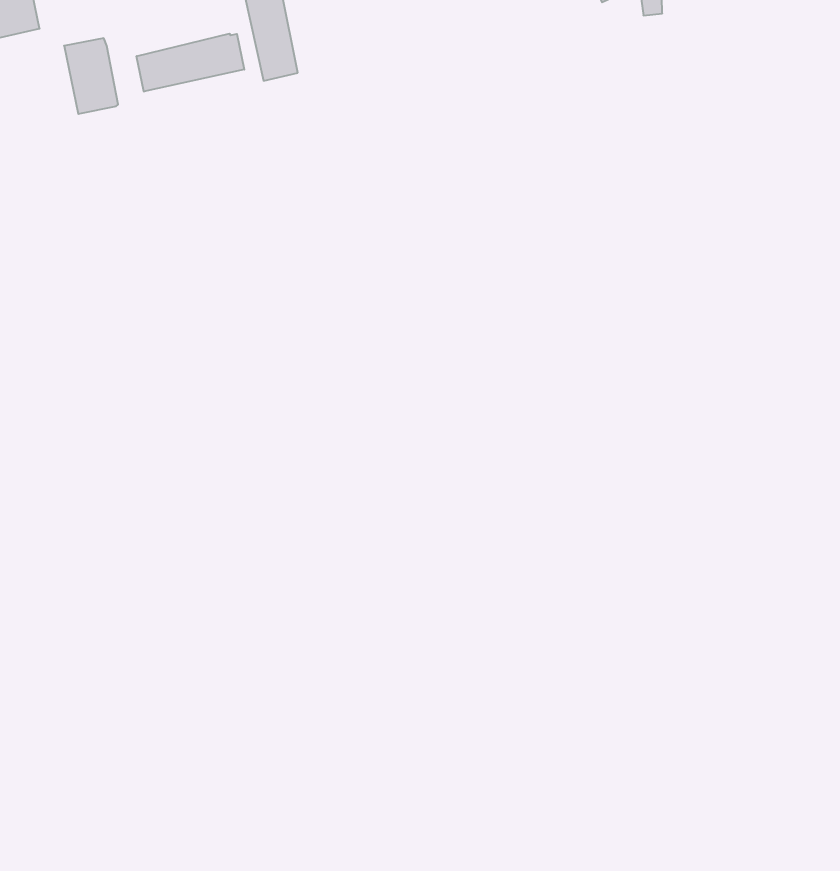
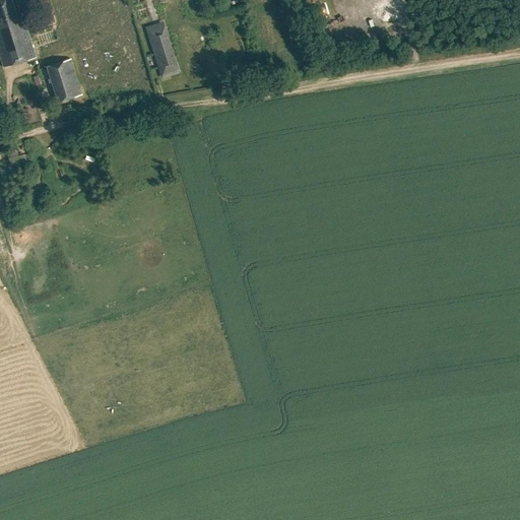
building: [137,34,244,92] -> none

